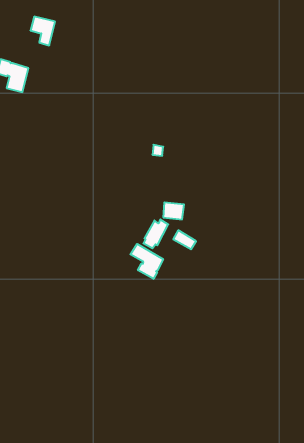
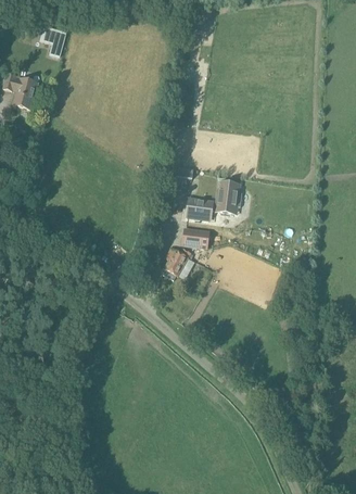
building: none -> [187,181,241,220]
building: [130,244,163,279] -> none

